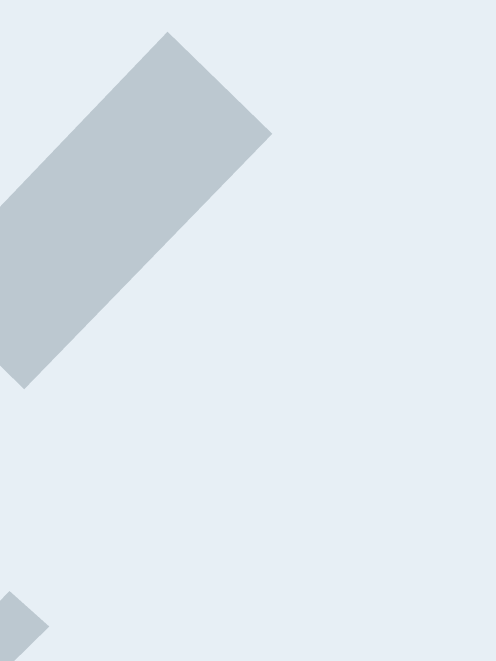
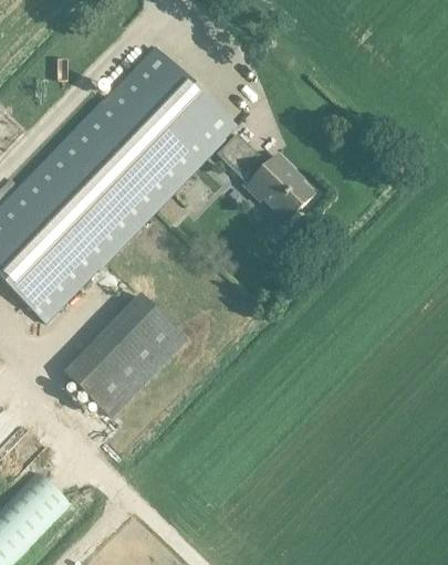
building: none -> [218,132,314,220]
building: none -> [64,292,188,418]

